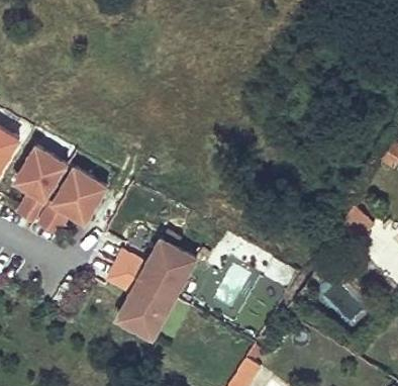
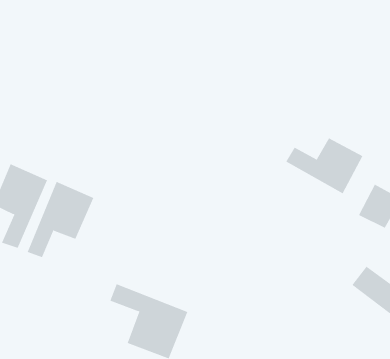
building: none -> [286,138,363,194]
building: [114,238,196,298] -> none

